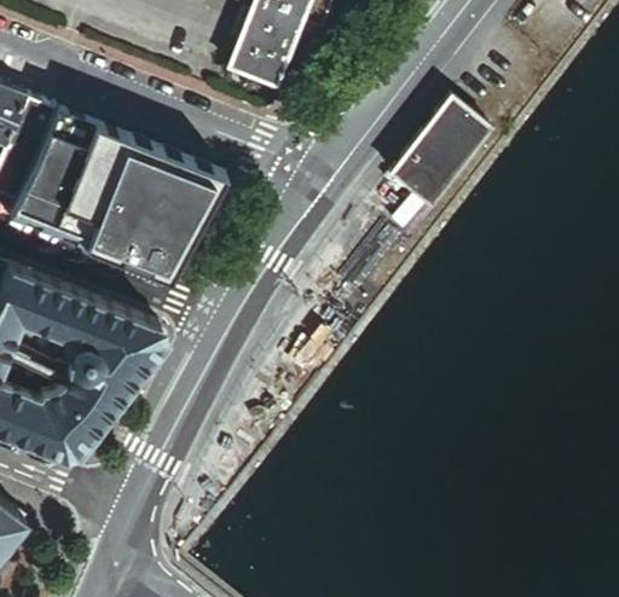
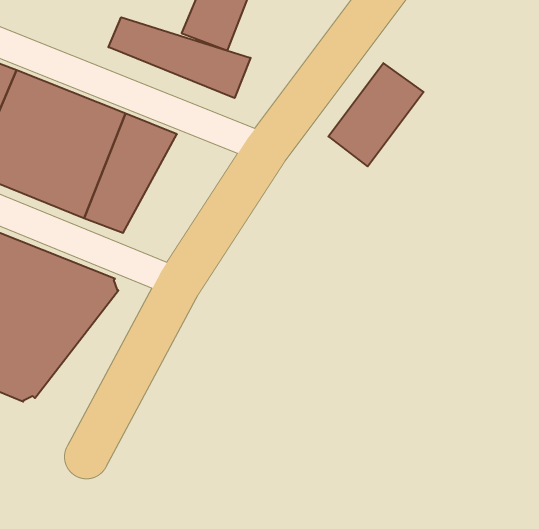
building: none -> [108,17,251,98]

